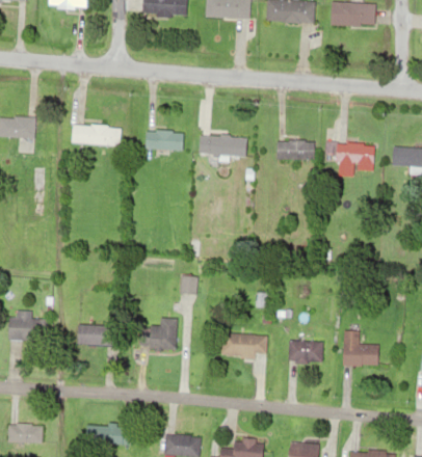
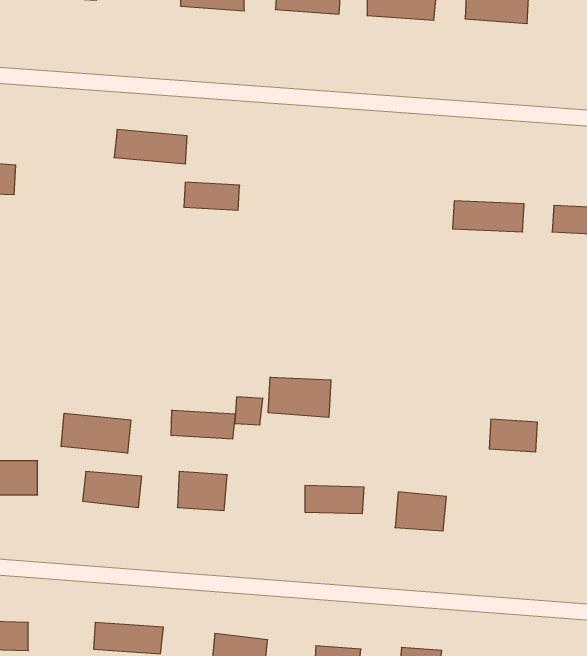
building: [72,124,121,146] -> [114,130,187,164]
building: [200,136,246,157] -> none
building: [278,141,314,159] -> none
building: none -> [268,377,331,417]
building: none -> [171,410,235,439]
building: none -> [61,413,131,453]
building: [344,343,376,365] -> [489,419,537,452]

